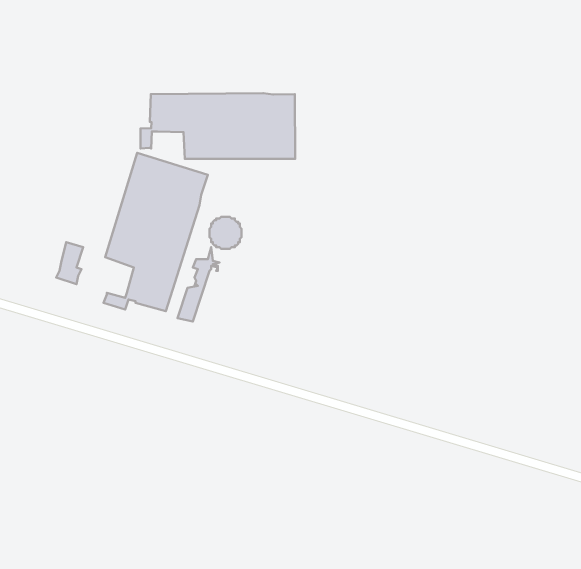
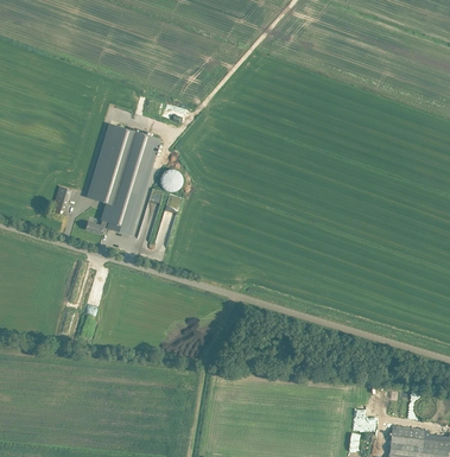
building: [140,93,295,159] -> none

